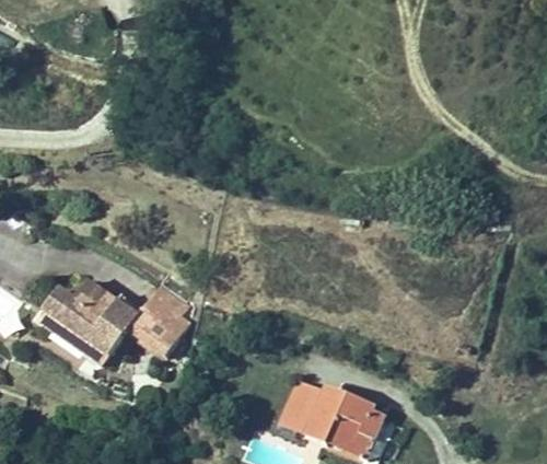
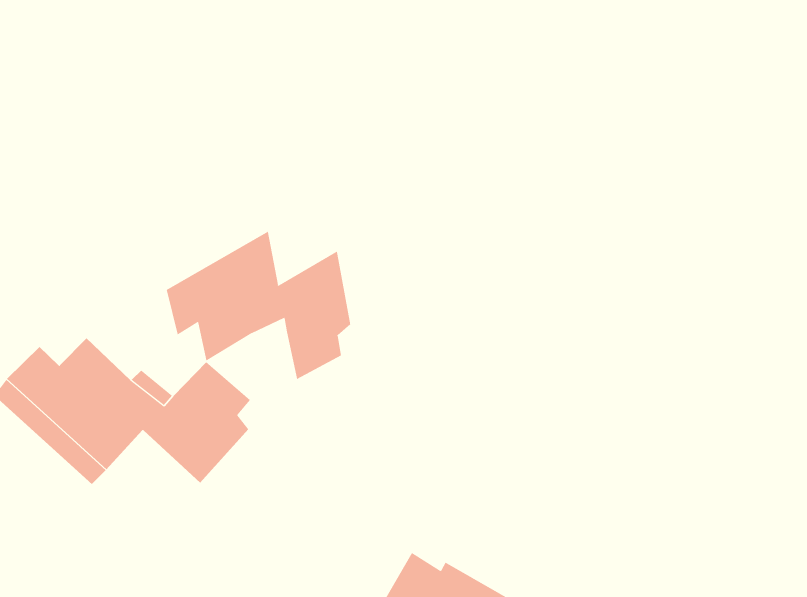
building: none -> [166,231,351,380]

